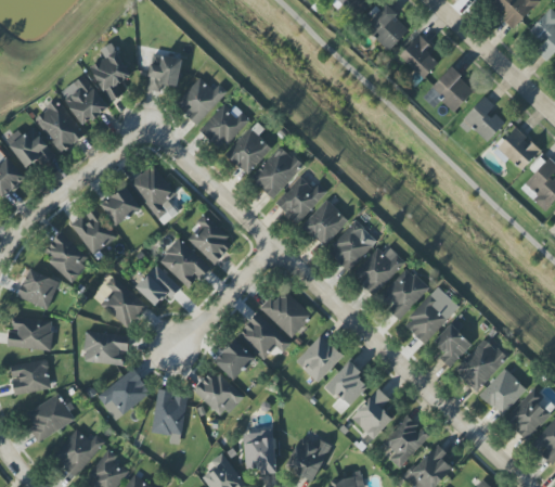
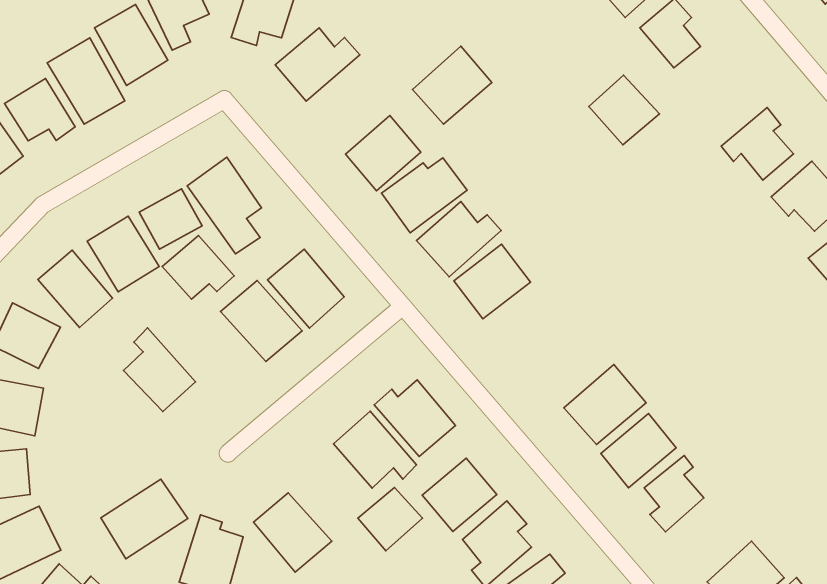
building: [430,67,475,111] -> [589,75,659,145]
building: [199,100,248,150] -> [413,46,492,124]
building: [327,221,377,271] -> none
building: [353,242,405,295] -> none
building: [135,265,181,305] -> [162,236,234,299]
building: [83,330,128,366] -> none
building: [454,337,507,392] -> none
building: [215,339,255,380] -> [358,487,422,551]

